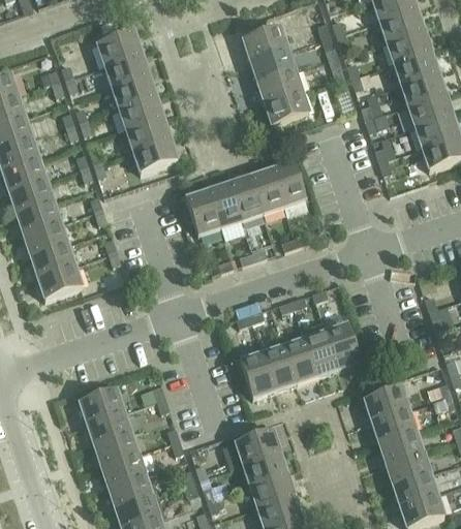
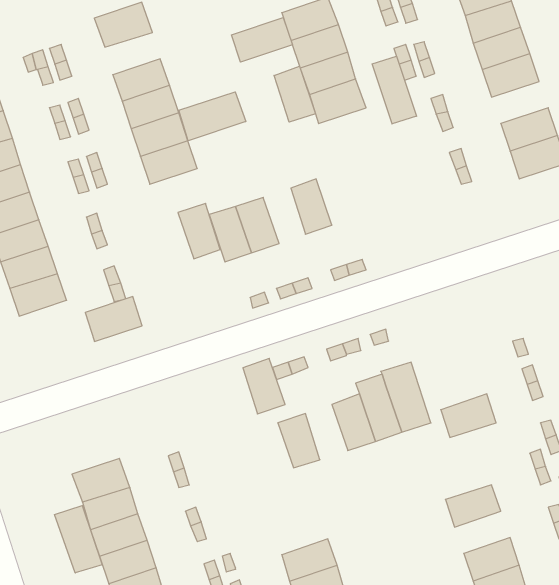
building: none -> [231,18,292,62]
building: [104,54,148,87] -> none
building: none -> [372,56,417,124]
building: none -> [274,66,315,122]
building: [407,92,452,125] -> none
building: none -> [179,92,246,141]
building: [270,161,305,205] -> none
building: [228,176,262,219] -> [178,203,220,259]
building: [37,263,82,299] -> [85,297,142,341]
building: [262,345,295,388] -> [243,358,285,414]
building: [364,385,407,419] -> [441,394,496,437]
building: none -> [54,506,102,573]
building: [236,429,279,463] -> none
building: [378,429,422,462] -> none

